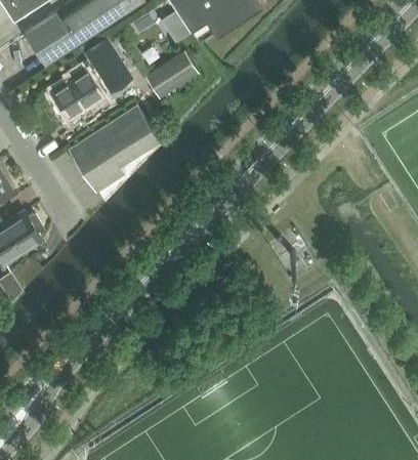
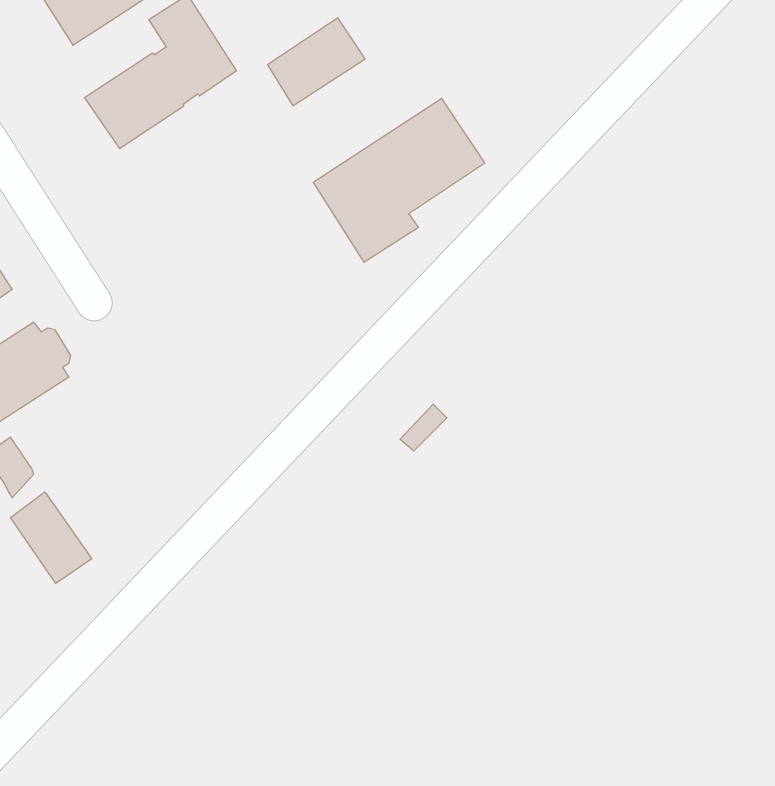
building: [70,107,160,193] -> [313,98,485,262]
building: none -> [11,492,92,583]

